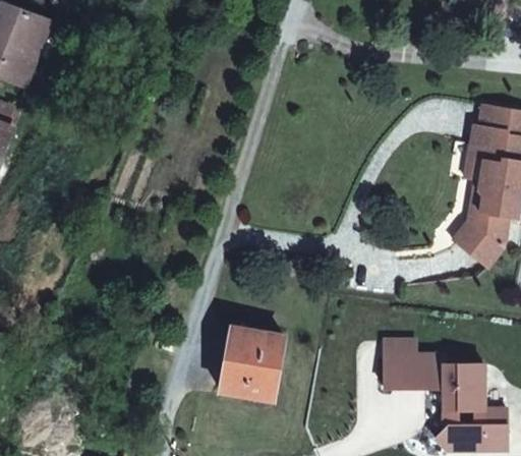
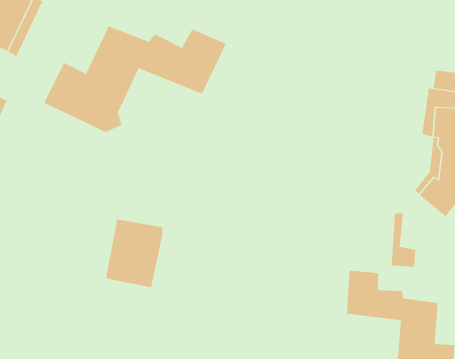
building: none -> [44,25,227,133]
building: none -> [391,213,416,268]
building: [220,326,283,401] -> [105,219,163,288]

